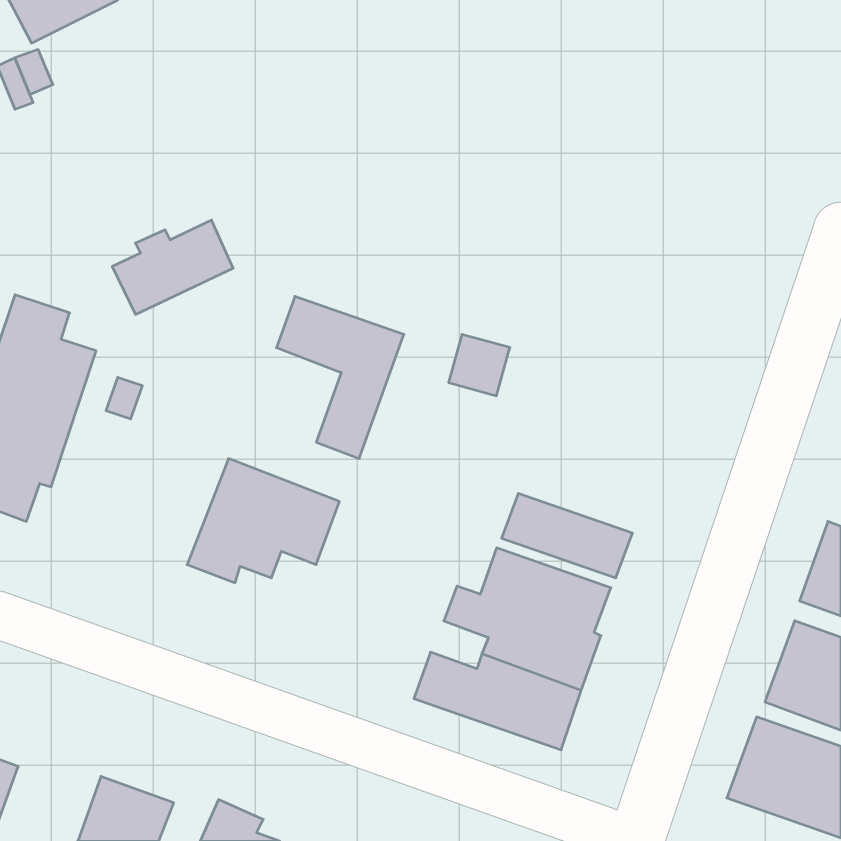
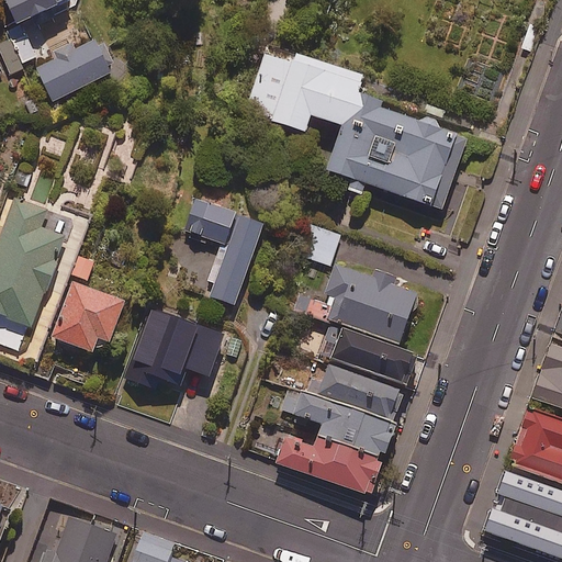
building: none -> [241,52,464,213]
building: [112,220,233,314] -> [35,35,115,98]
building: none -> [325,261,418,340]
building: none -> [53,279,126,350]

